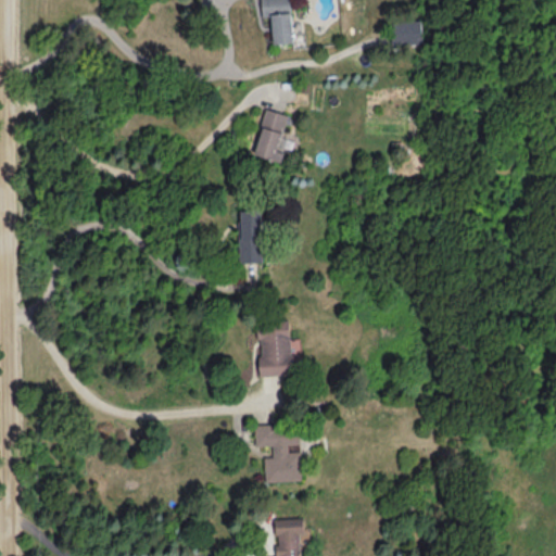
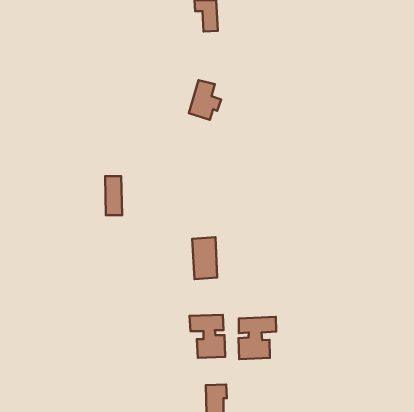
building: [389,22,424,48] -> none
building: [240,211,263,263] -> [105,176,122,215]
building: none -> [238,317,276,359]

